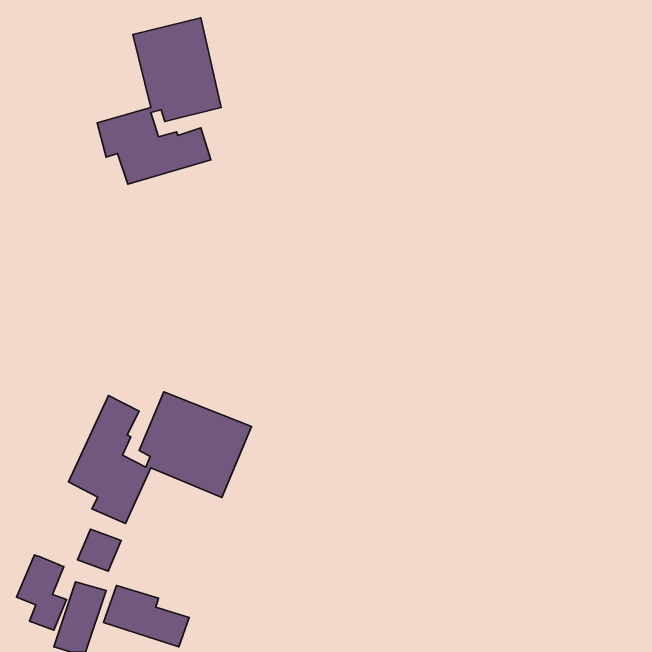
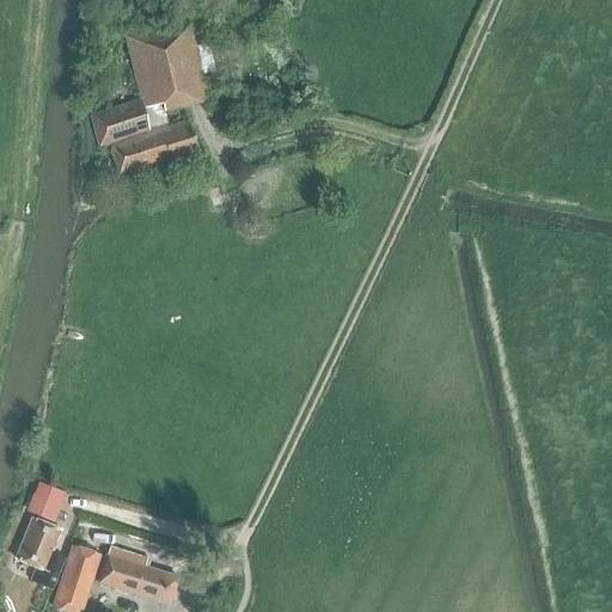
building: [68,392,251,523] -> none
building: [78,529,121,571] -> [26,481,67,520]

